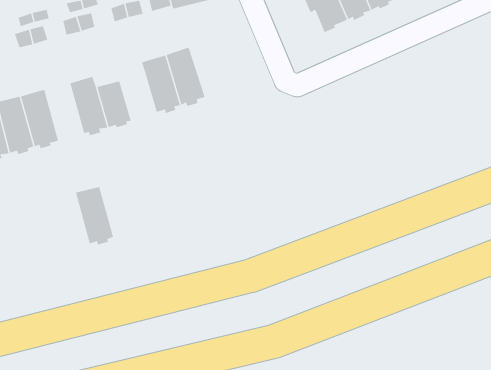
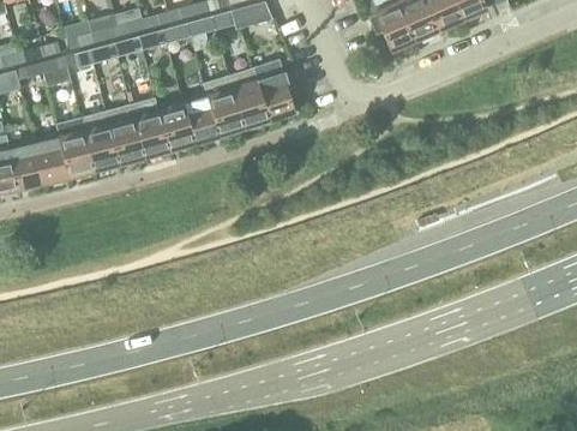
building: none -> [253,59,296,119]
building: none -> [182,94,220,144]
building: [75,187,114,245] -> [106,104,145,164]

